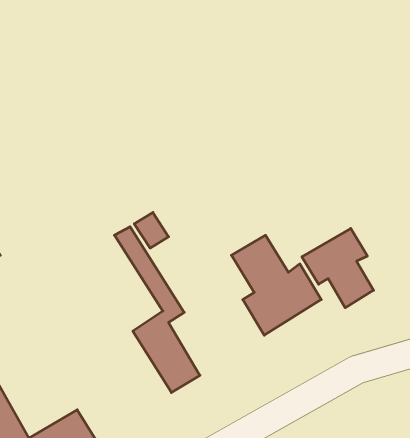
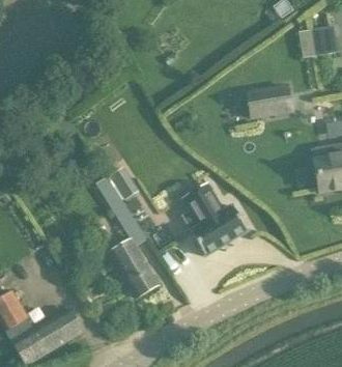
building: none -> [247,87,292,118]
building: [302,228,374,308] -> none

